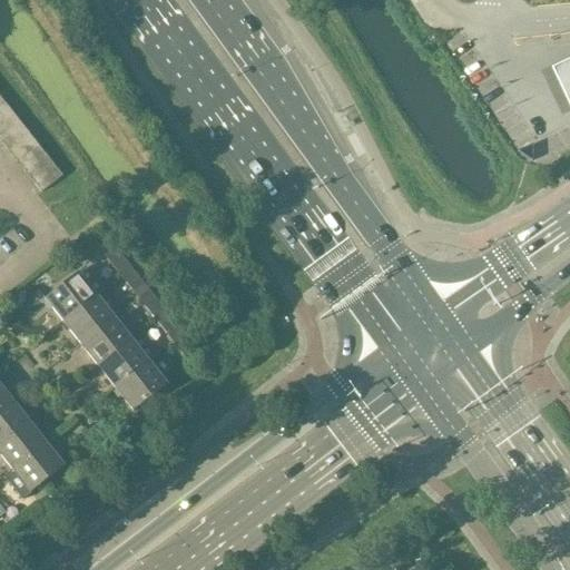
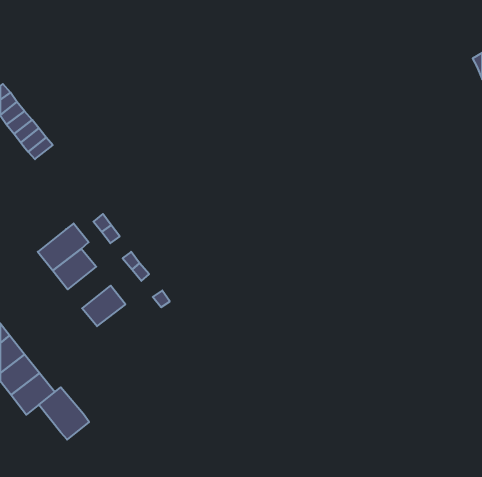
building: [80,315,130,364] -> none
building: [115,360,166,409] -> none
building: none -> [39,387,89,440]

